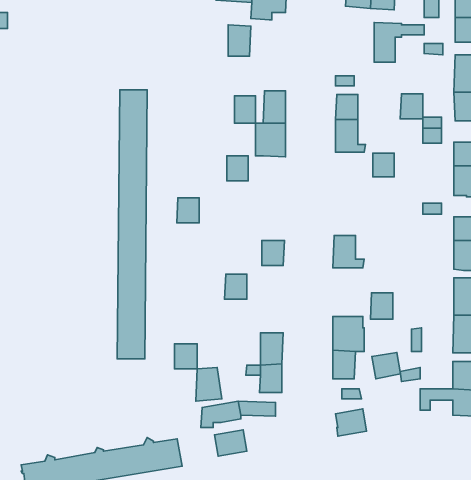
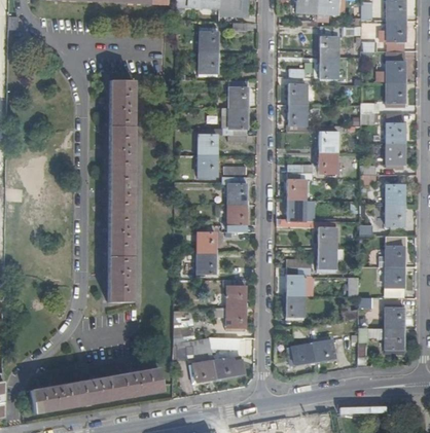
building: [400,94,423,119] -> [319,58,337,78]
building: [234,96,256,123] -> [200,52,217,75]
building: none -> [318,152,336,174]
building: [177,198,199,223] -> [198,155,216,176]
building: none -> [287,173,306,201]
building: none -> [222,177,246,205]
building: none -> [311,220,335,248]
building: [175,344,197,369] -> [196,253,215,274]
building: [372,353,401,379] -> [311,340,334,362]
building: none -> [211,354,244,378]

